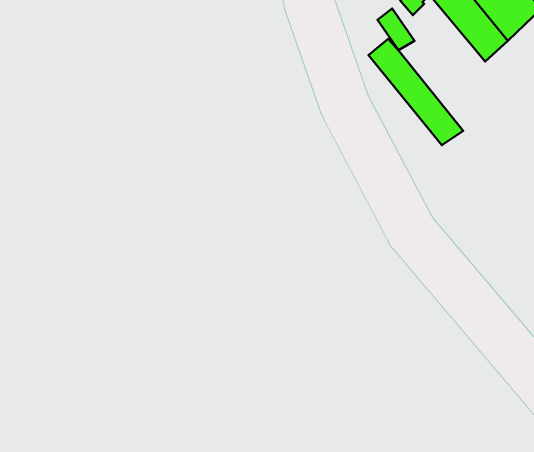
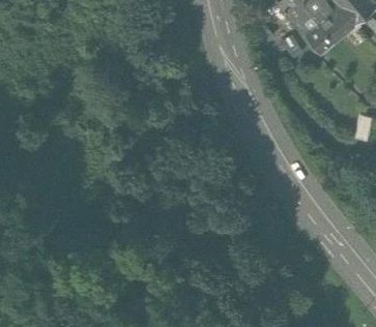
building: [369,39,463,145] -> none

